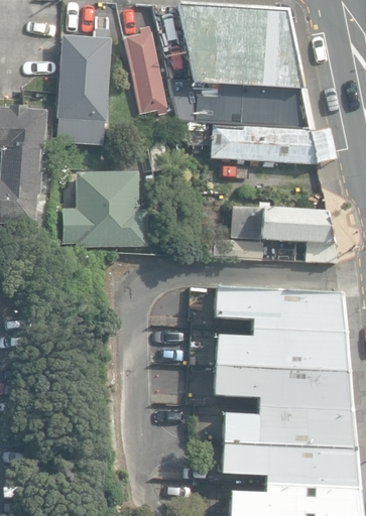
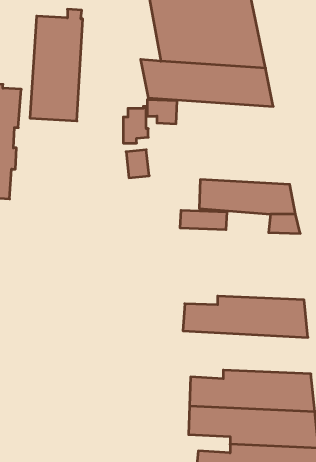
building: [123,24,168,113] -> none
building: [212,123,337,161] -> none
building: [63,169,149,245] -> none
building: [215,288,343,332] -> none
building: [215,364,350,409] -> none

